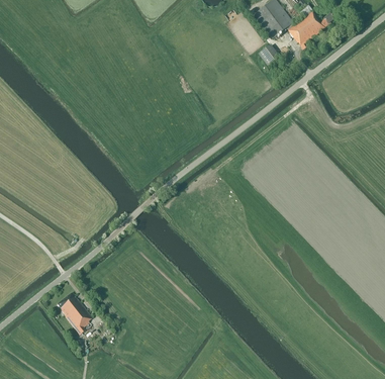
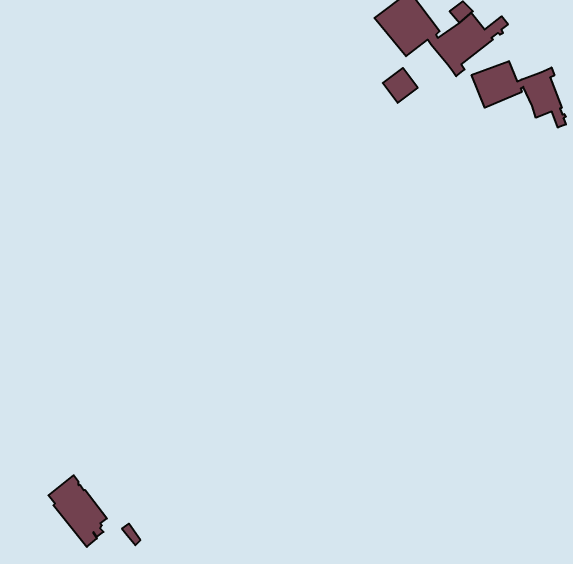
building: none -> [472,61,566,128]

